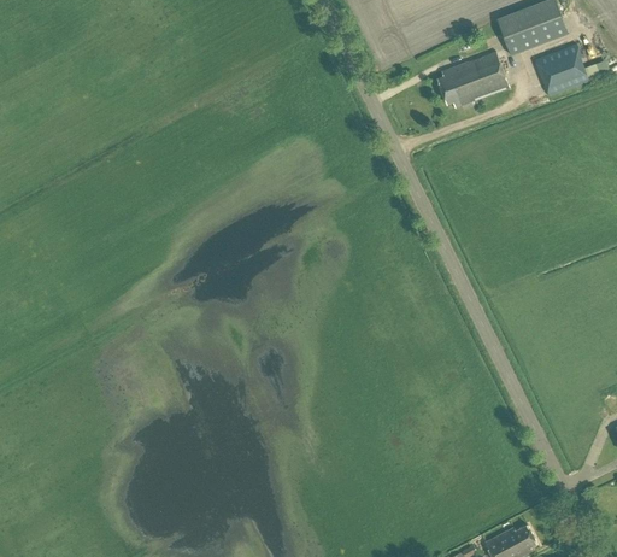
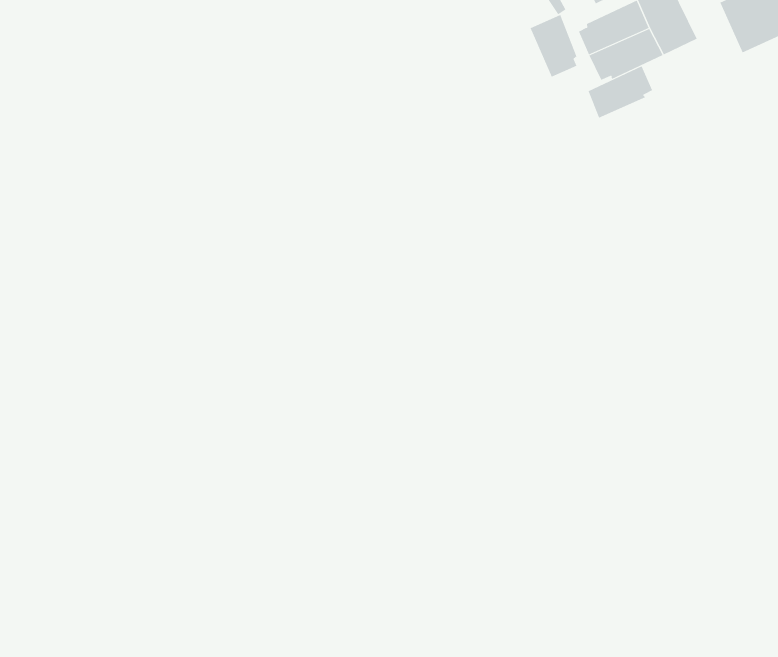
building: none -> [530,14,577,78]
building: none -> [588,65,653,118]

